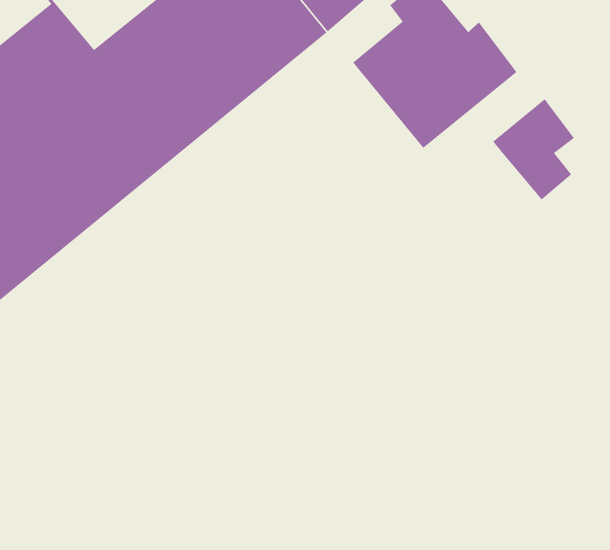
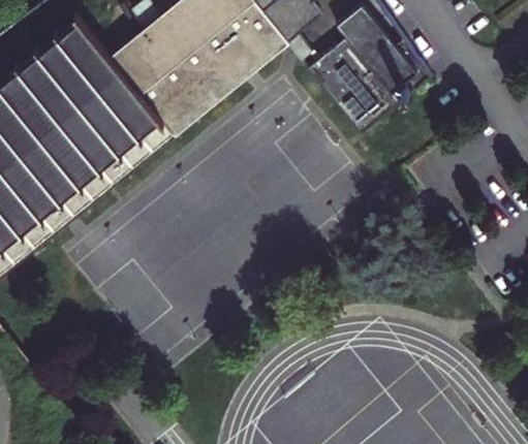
building: [492,98,575,200] -> none

